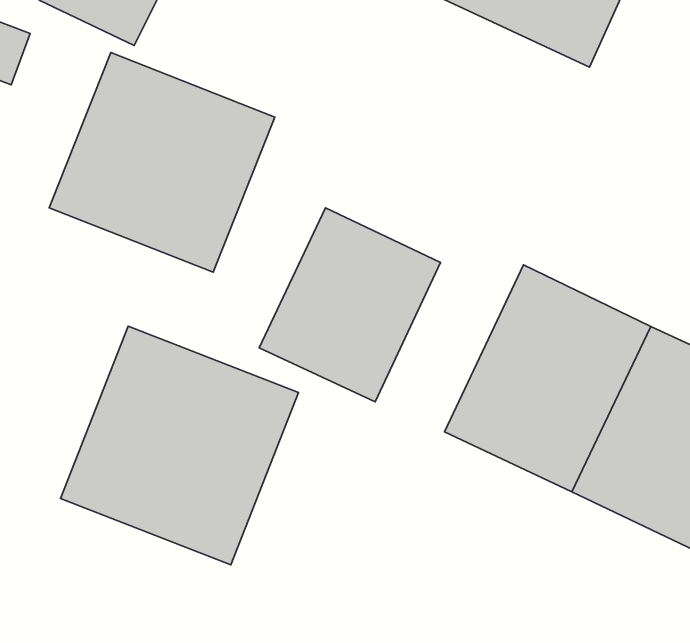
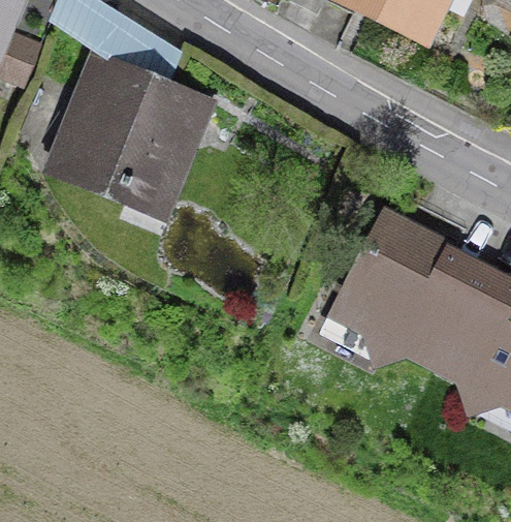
building: [259,208,440,402] -> none
building: [61,326,298,565] -> none

